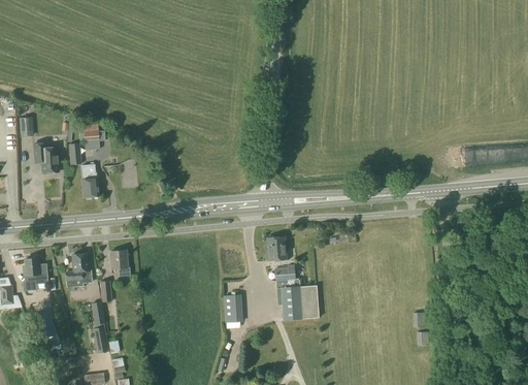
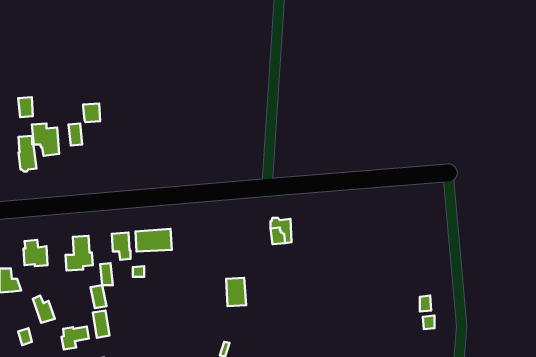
building: [81,164,99,199] -> [19,136,36,172]
building: none -> [135,229,172,251]
building: [273,264,319,320] -> none
building: none -> [61,327,89,349]

